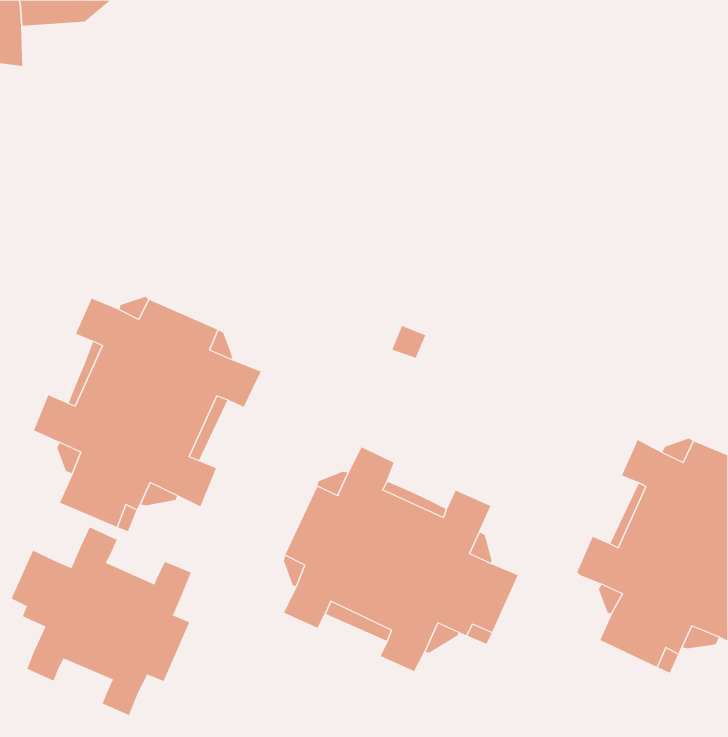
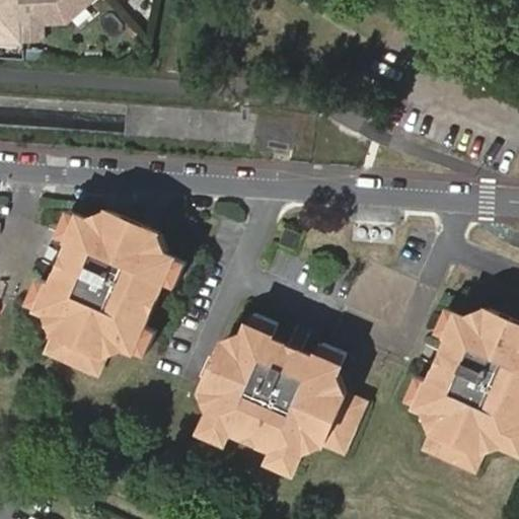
building: [11,527,192,716] -> none

